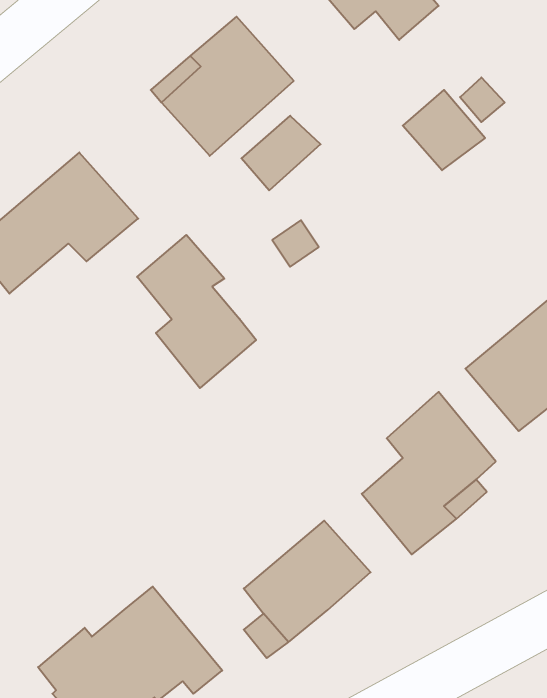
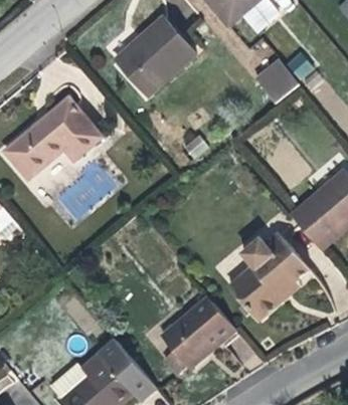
building: [241,116,321,190] -> none
building: [137,235,256,388] -> none

